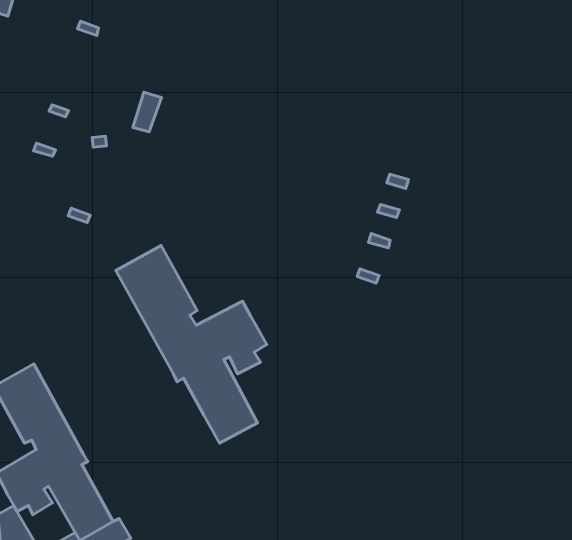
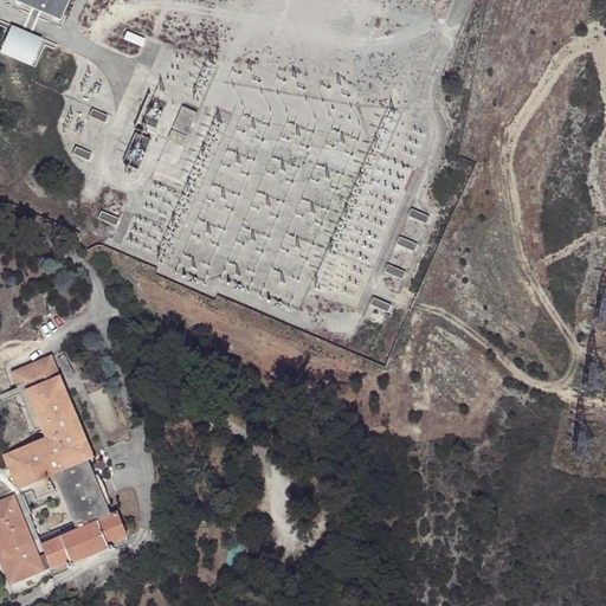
building: [116,245,267,443] -> none

